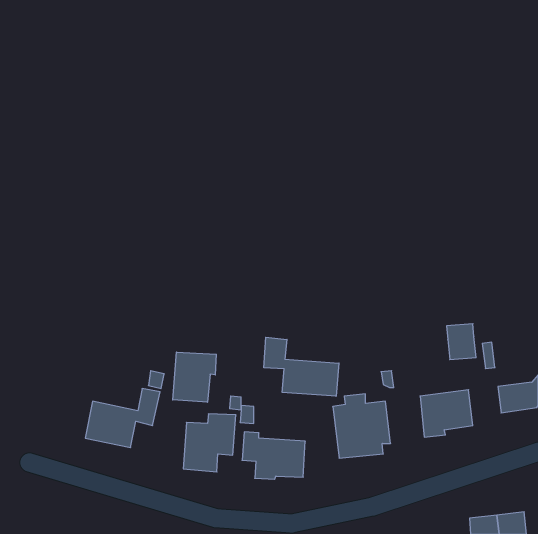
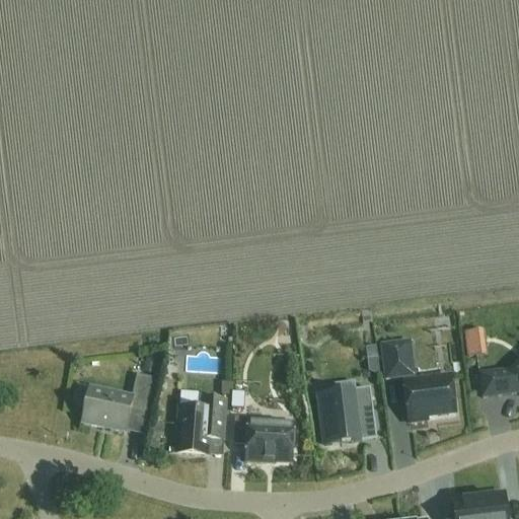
building: [447,324,476,360] -> [380,341,409,375]
building: [264,337,339,396] -> none
building: [173,352,216,402] -> none

